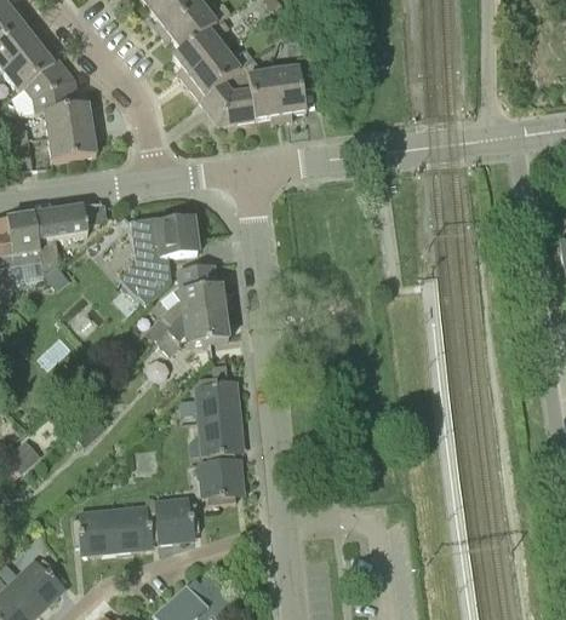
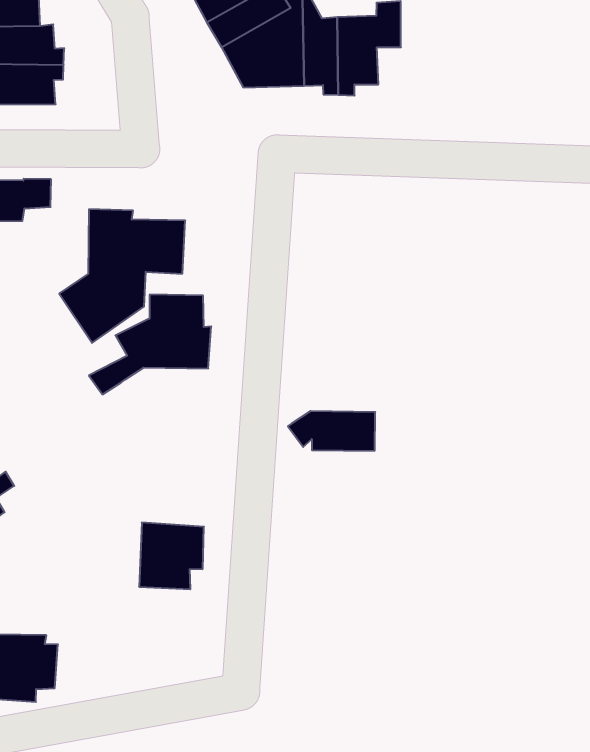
building: [168,312,228,344] -> [288,411,375,451]
building: [194,375,238,420] -> none
building: [198,458,242,505] -> none
building: [153,495,200,542] -> none

